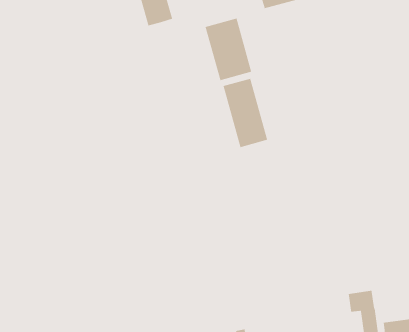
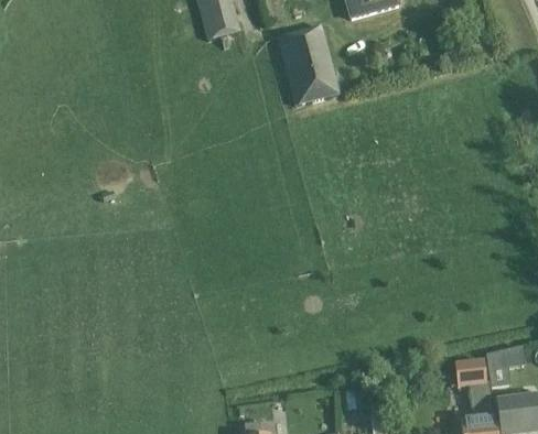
building: [222,78,268,148] -> none
building: none -> [487,345,524,384]

